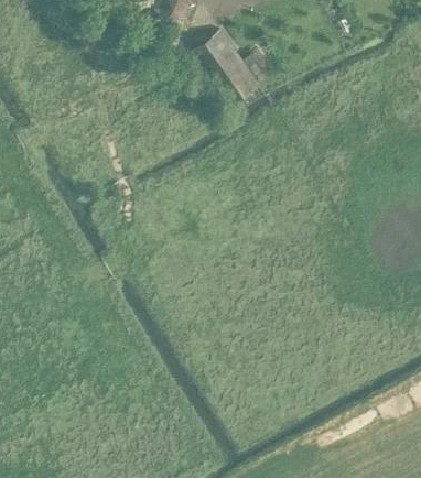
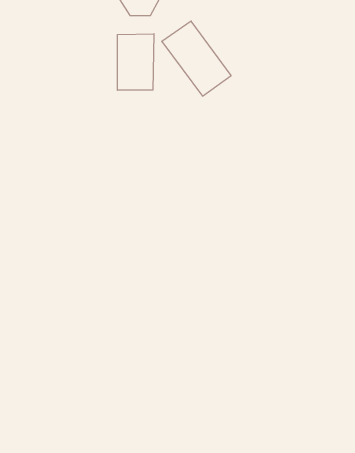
building: none -> [117,34,154,90]

